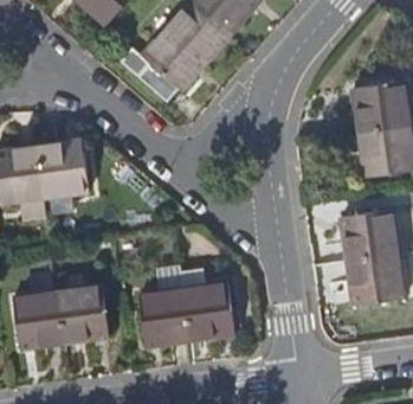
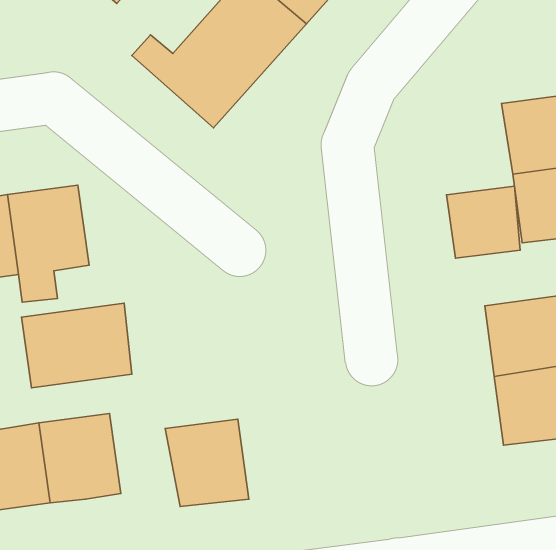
building: none -> [446,186,520,258]
building: none -> [21,303,132,388]
building: [182,283,233,340] -> none

